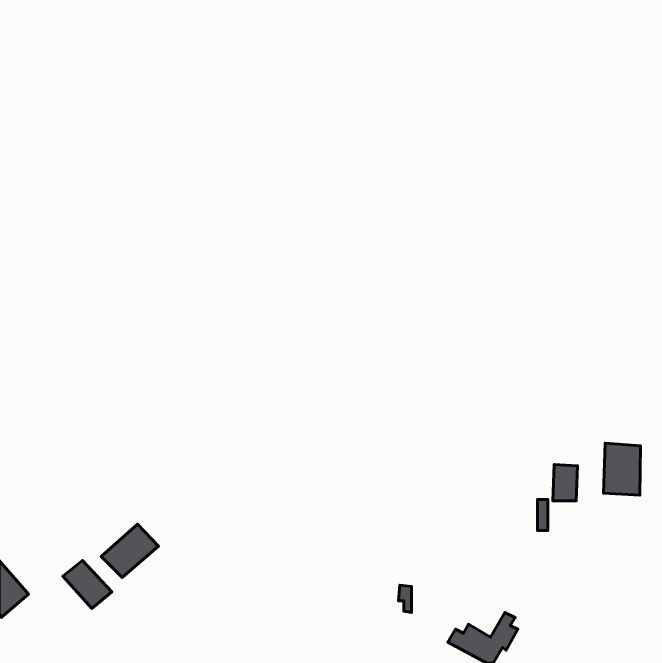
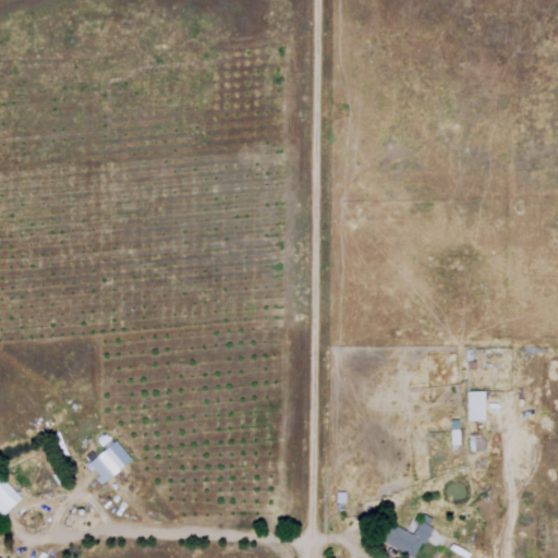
building: [603,443,640,495] -> none
building: [63,560,112,609] -> none

